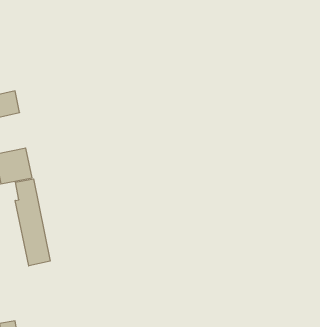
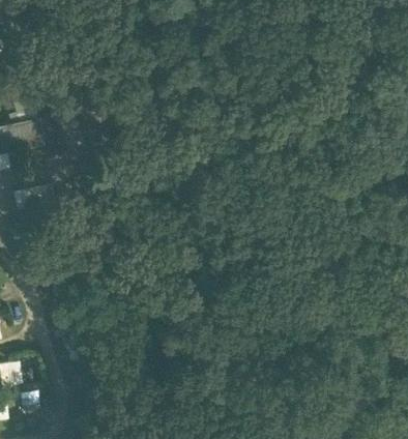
building: [15,179,50,266] -> none

